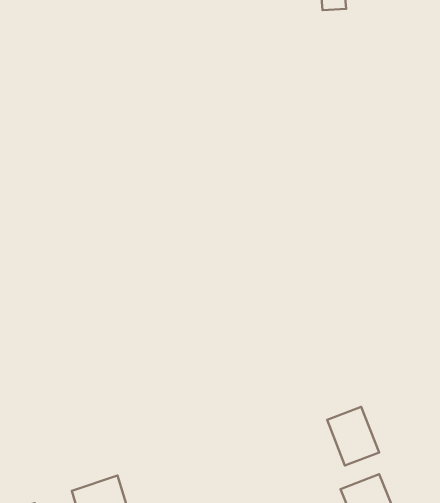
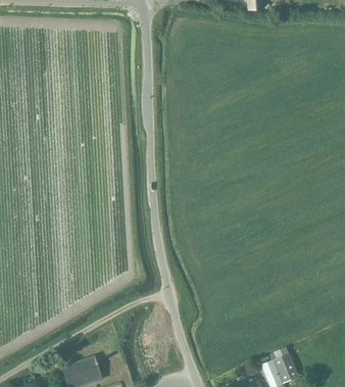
building: [327,407,379,465] -> none

